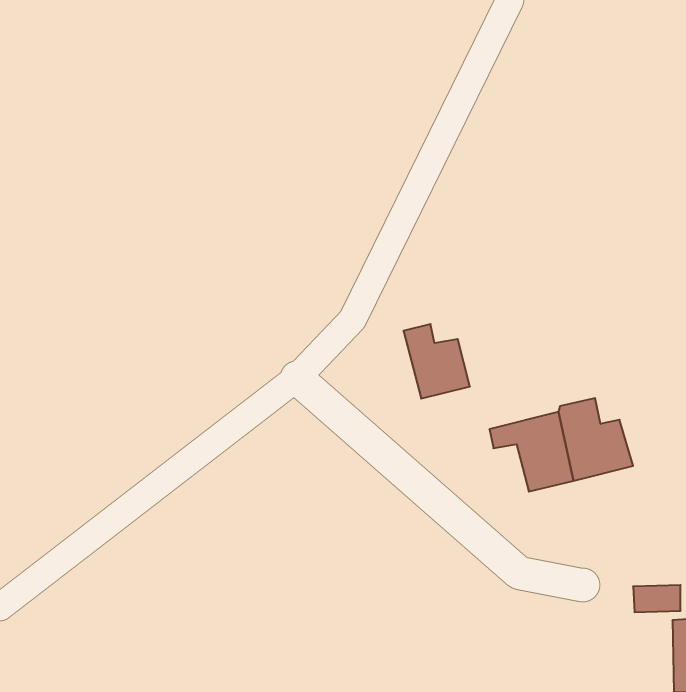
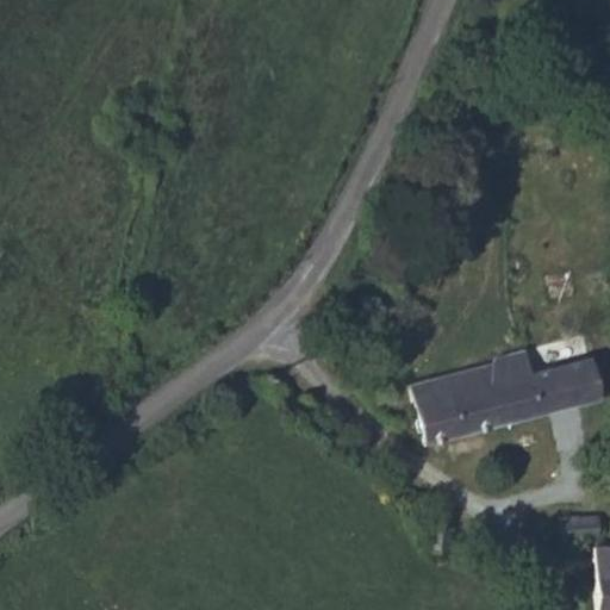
building: [403,324,470,399] -> [412,378,471,443]
building: none -> [550,357,604,410]

